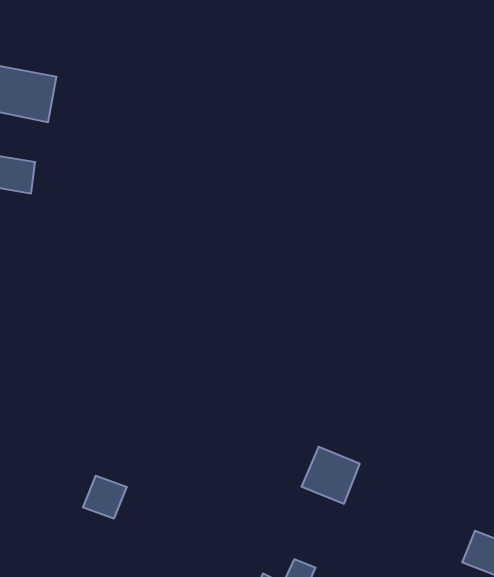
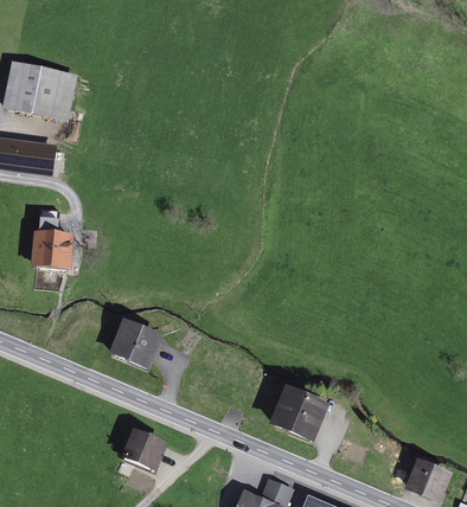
building: none -> [36,237,70,271]
building: none -> [113,326,158,367]
building: [83,476,127,518] -> [124,430,161,466]

